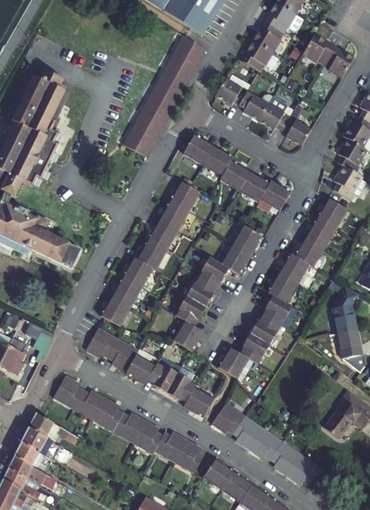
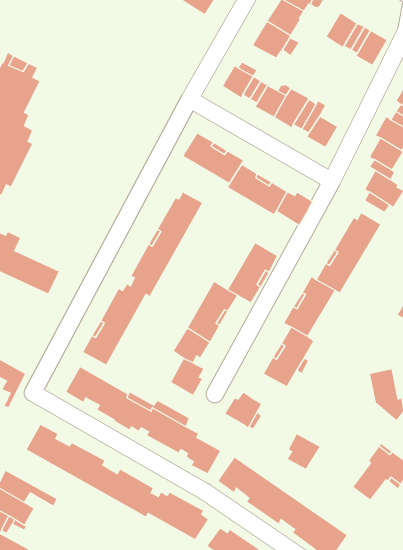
building: [122,37,206,157] -> none
building: [331,286,357,334] -> none
building: [241,334,269,364] -> [287,434,321,470]

